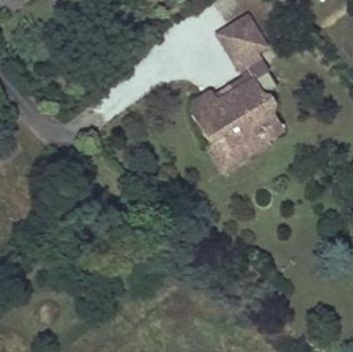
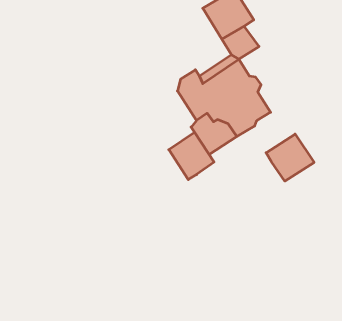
building: none -> [169,132,214,180]
building: none -> [266,134,314,181]

